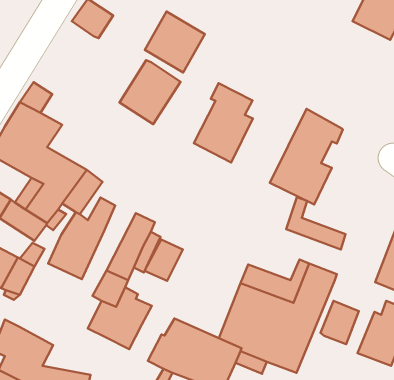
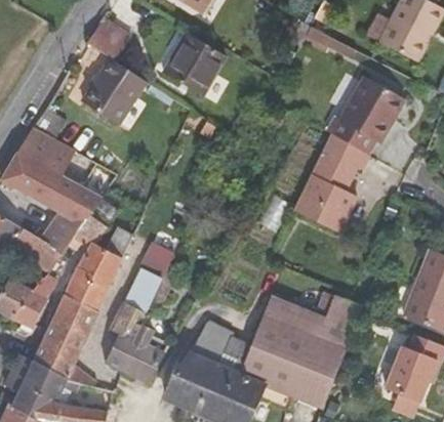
building: none -> [326,76,405,155]
building: [120,60,181,124] -> [82,58,146,125]
building: [194,83,253,162] -> none
building: [286,197,346,249] -> none
building: [144,239,183,281] -> [194,320,234,363]
building: none -> [32,295,97,386]
building: [321,301,359,344] -> none

